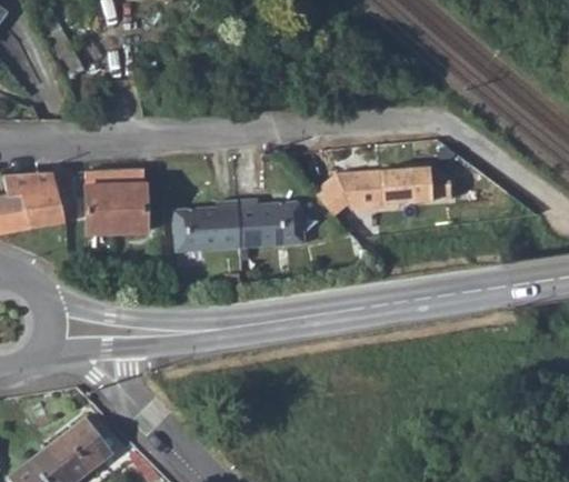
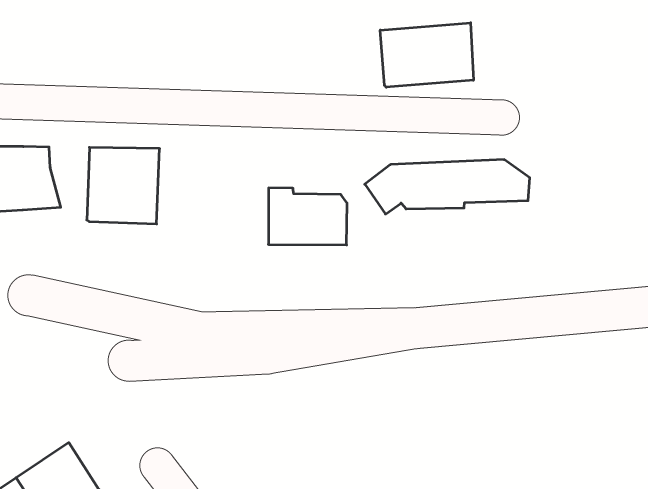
building: none -> [380,23,473,87]
building: [171,199,239,249] -> none

